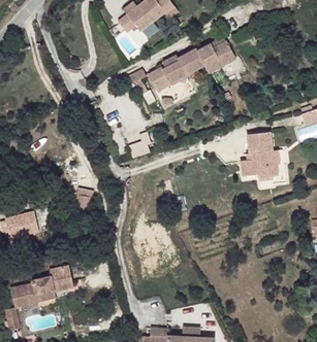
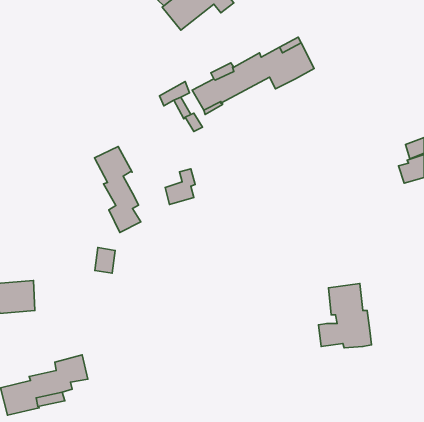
building: none -> [95,147,141,232]
building: [240,132,278,178] -> [318,283,371,348]

